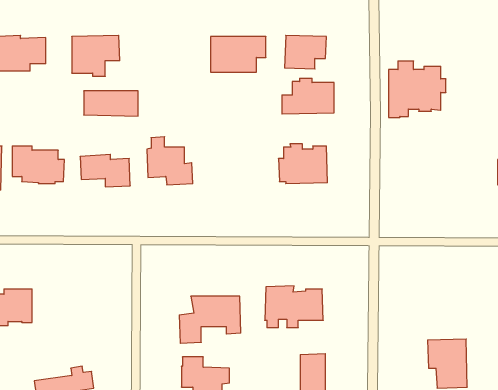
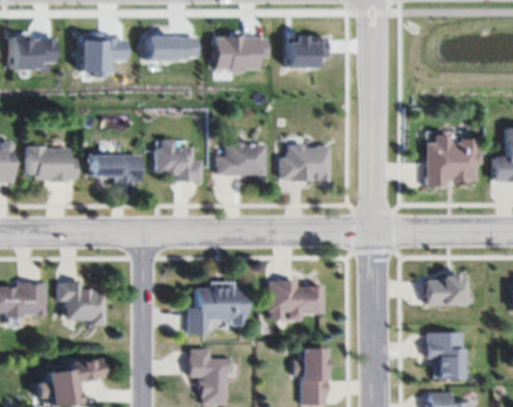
building: [389,61,446,117] -> [425,133,481,187]
building: [282,78,334,114] -> [214,140,264,174]
building: [84,91,138,116] -> [147,38,200,62]
building: none -> [426,272,465,305]
building: none -> [54,281,106,326]

